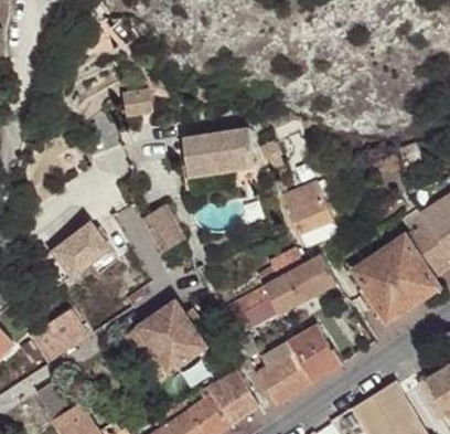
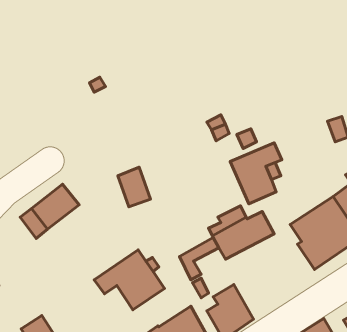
building: [183,129,255,195] -> none
building: [30,310,87,362] -> none
building: [289,326,343,383] -> none

